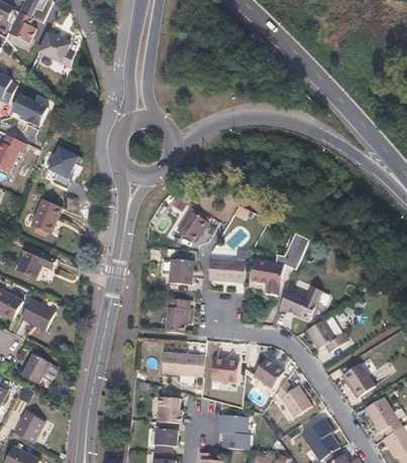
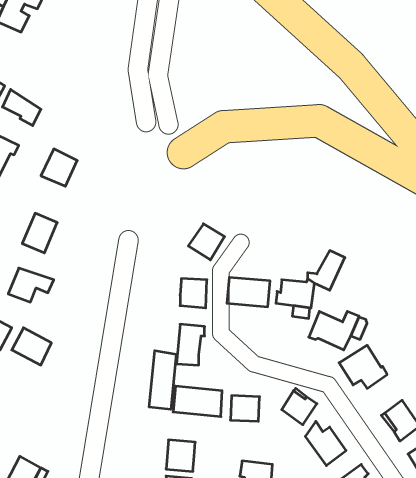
building: [37,34,74,67] -> none
building: none -> [149,351,176,409]
building: [22,355,50,384] -> none

